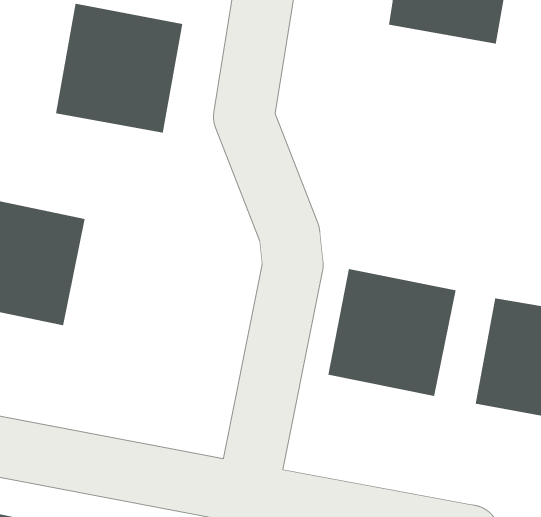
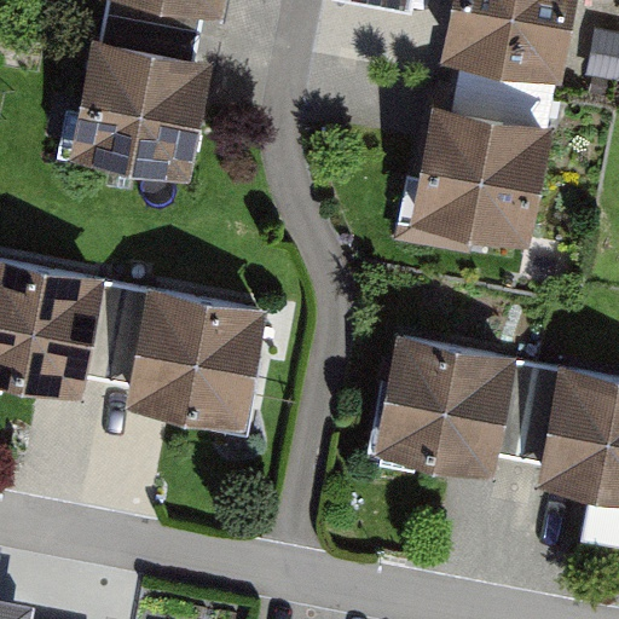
building: none -> [423,114,539,236]
building: none -> [126,290,267,432]

